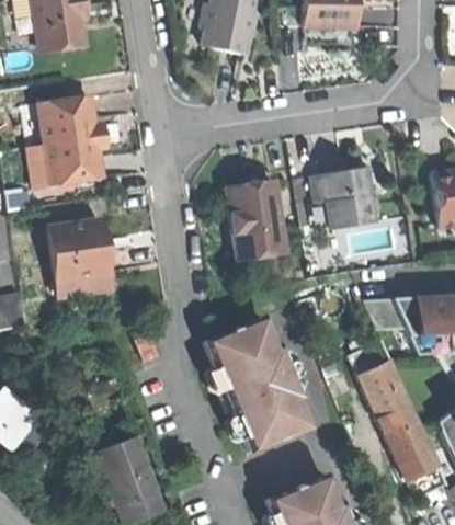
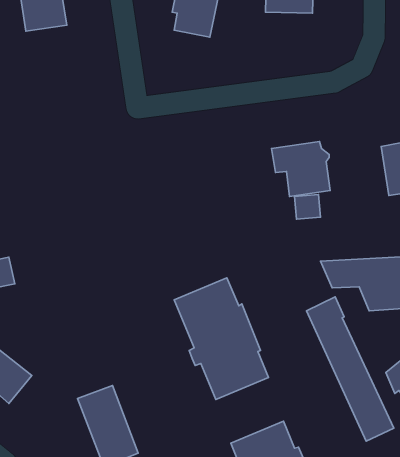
building: [31,90,116,186] -> none
building: [226,184,286,258] -> none
building: [54,214,127,296] -> none

